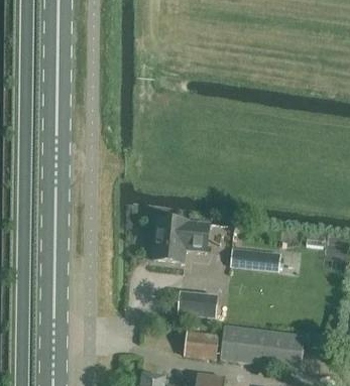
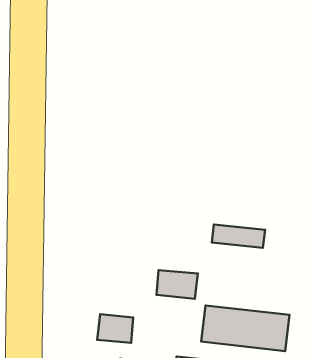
building: [152,217,209,262] -> none
building: [184,331,218,358] -> [97,314,133,343]

